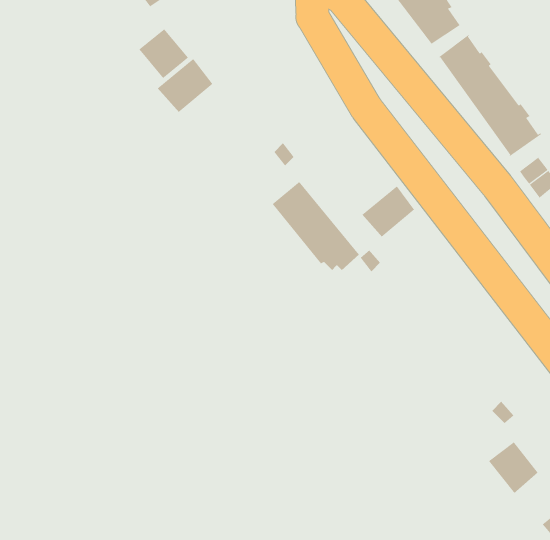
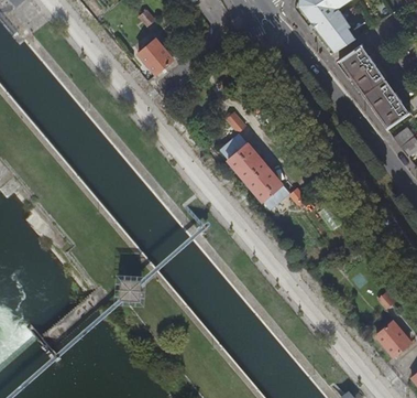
building: [157,58,213,113] -> none
building: [361,185,415,237] -> none

